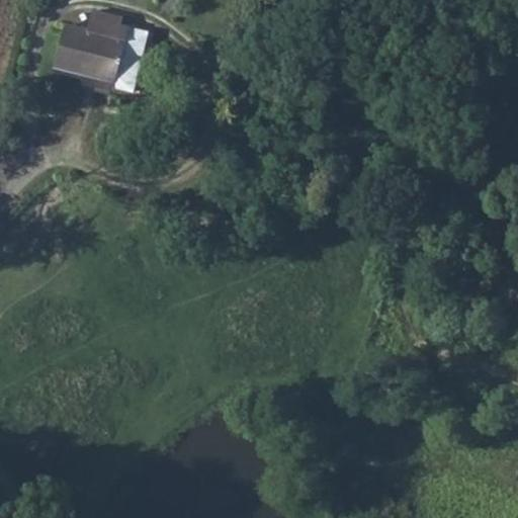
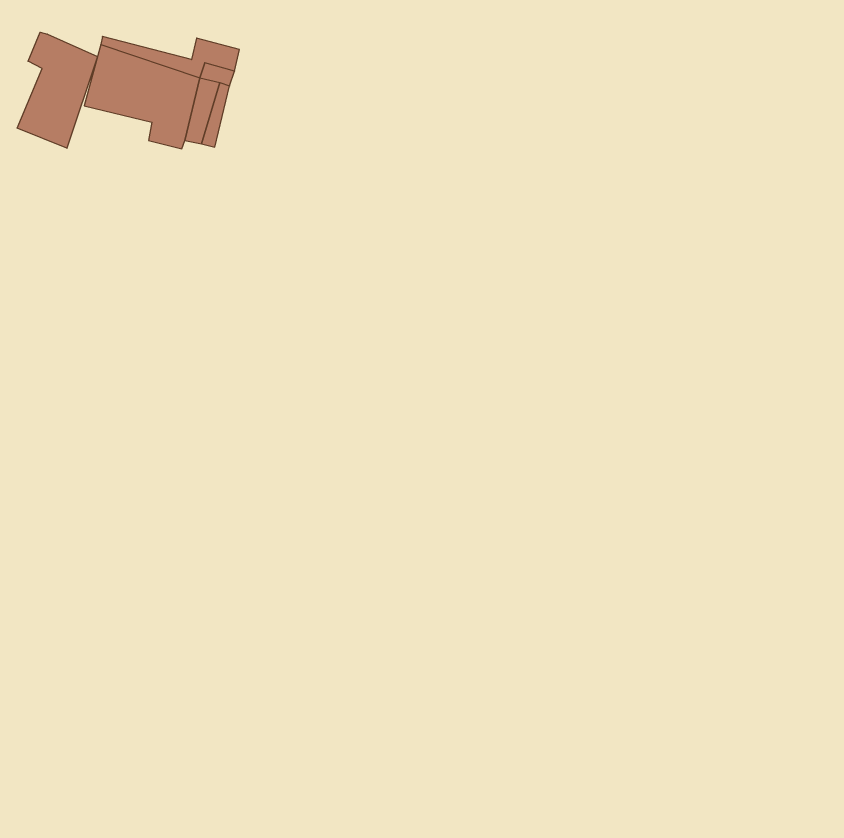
building: none -> [17,32,98,148]

